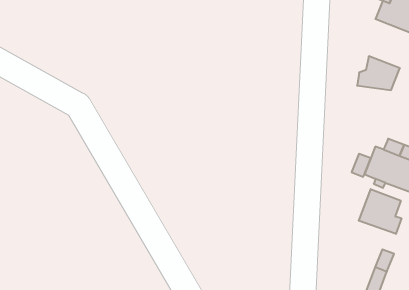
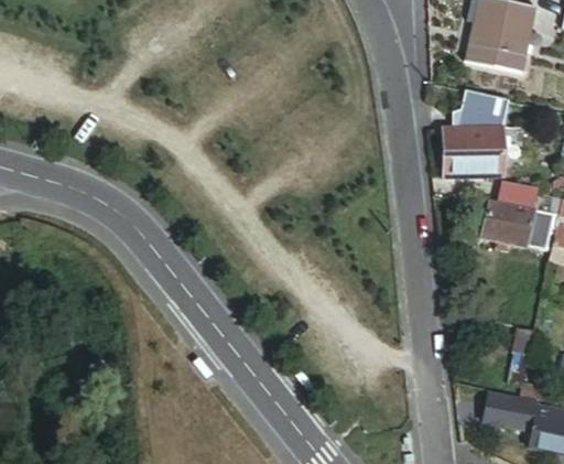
building: none -> [444,128,503,176]
building: [359,189,401,234] -> none

